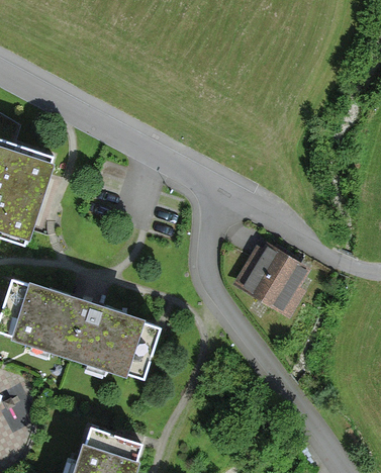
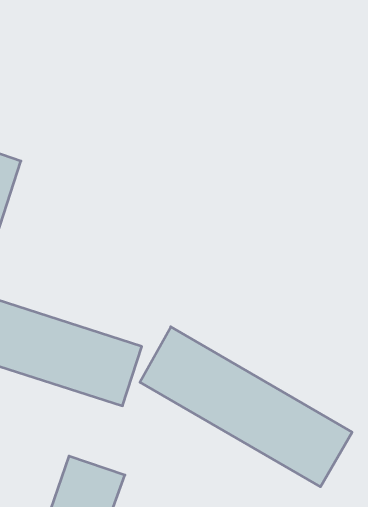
building: [233,249,298,310] -> none
building: none -> [140,327,352,487]

